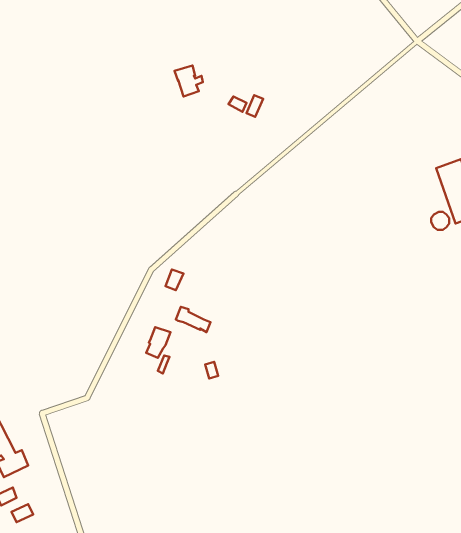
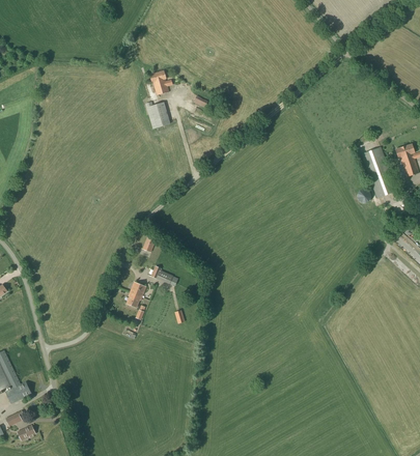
building: none -> [145,102,170,129]

